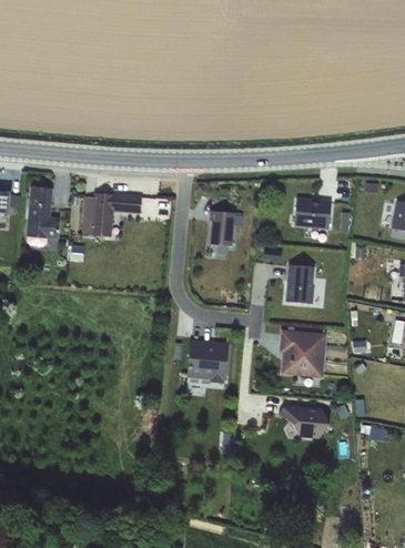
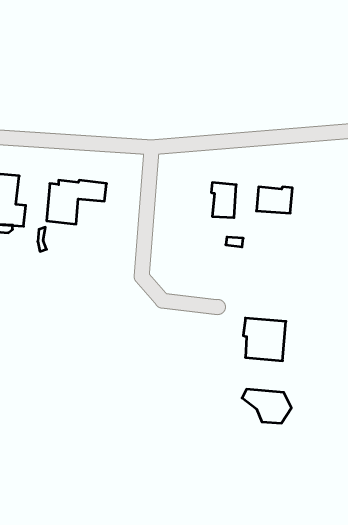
building: [209,210,234,245] -> [211,183,236,218]
building: [285,264,315,303] -> none
building: [188,342,226,375] -> none

